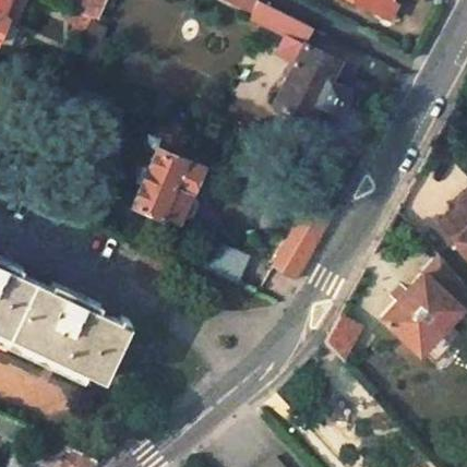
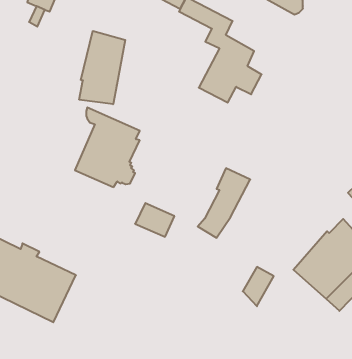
building: none -> [79,31,125,104]

